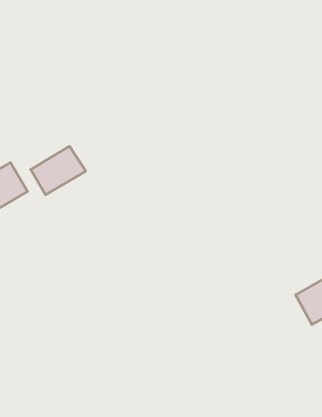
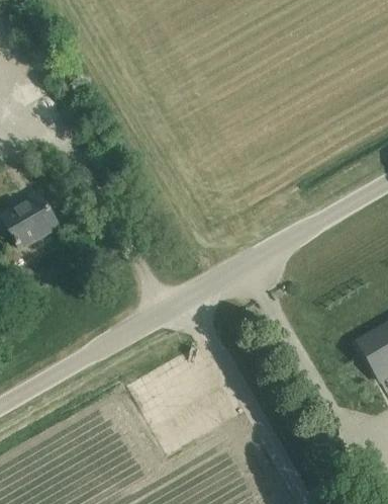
building: [31,146,86,195] -> none

